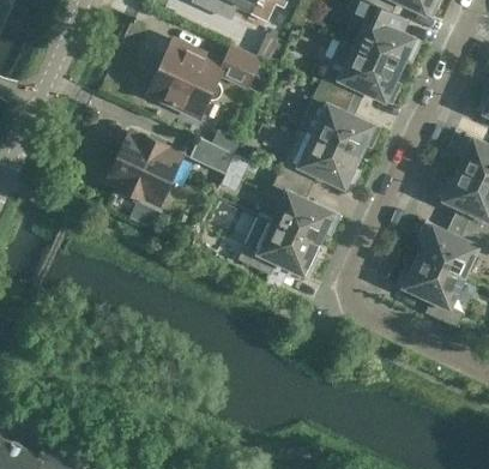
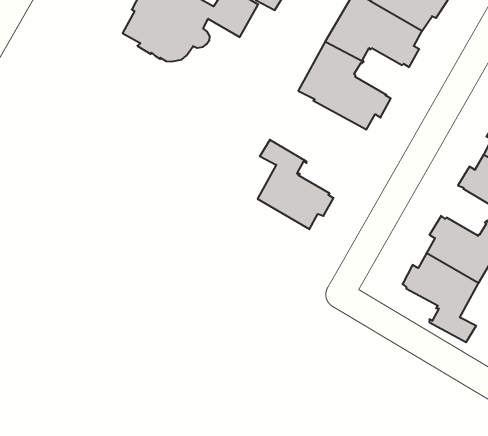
building: [279,128,360,188] -> none
building: [109,134,183,220] -> none
building: [189,138,235,174] -> none
building: [237,216,319,275] -> none

